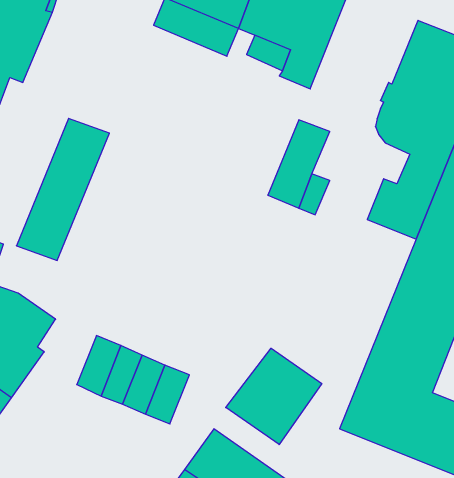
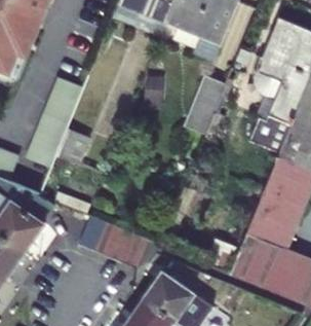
building: [226,348,322,445] -> none

